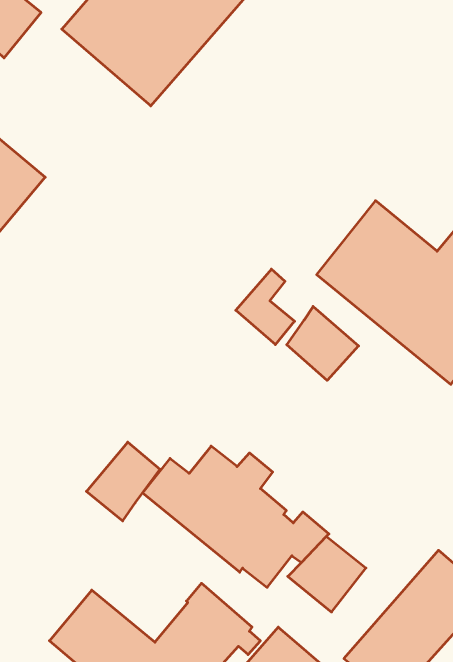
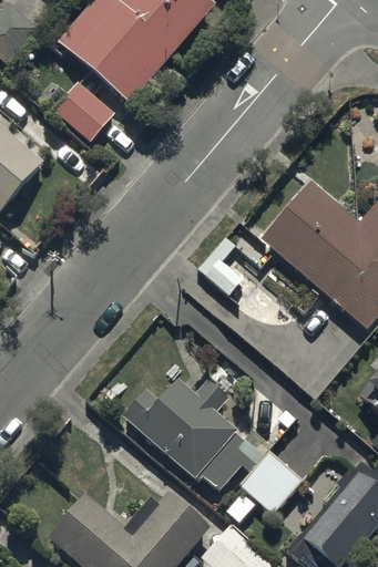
building: none -> [51,81,113,142]
building: [287,306,359,380] -> none
building: [86,442,160,521] -> none

